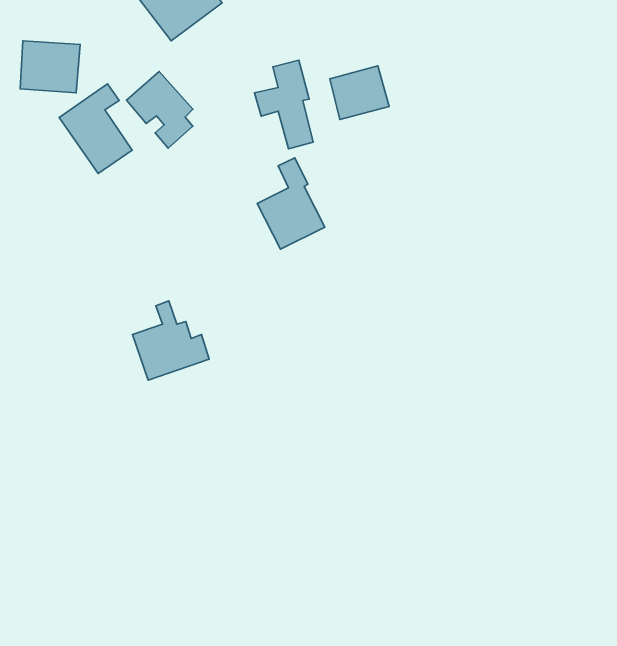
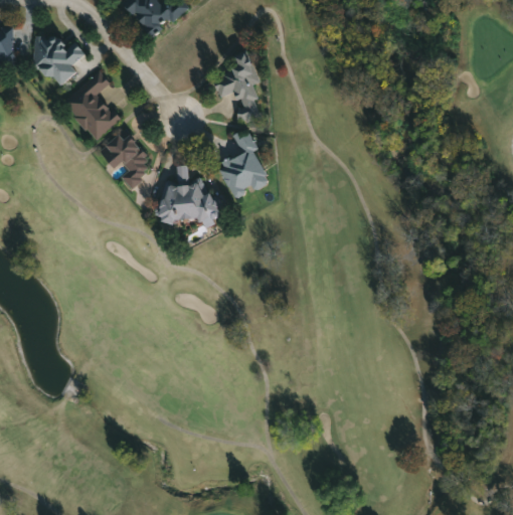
building: [330,66,389,120] -> none
building: [126,71,193,148] -> [100,130,151,189]
building: [132,301,209,380] -> [158,165,217,226]

